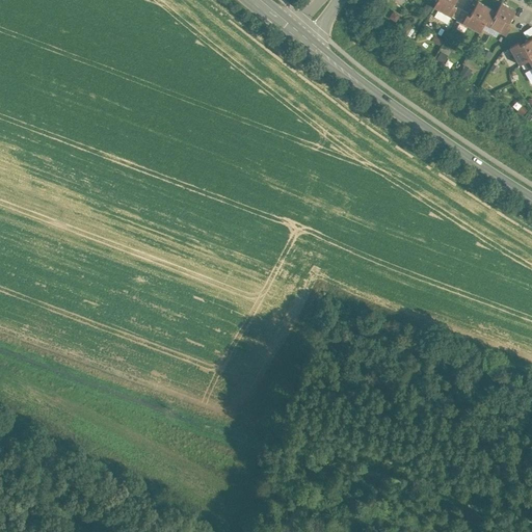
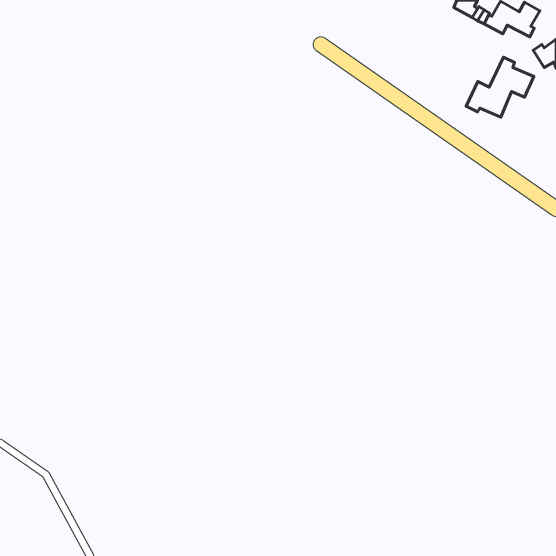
building: none -> [466,57,534,117]

